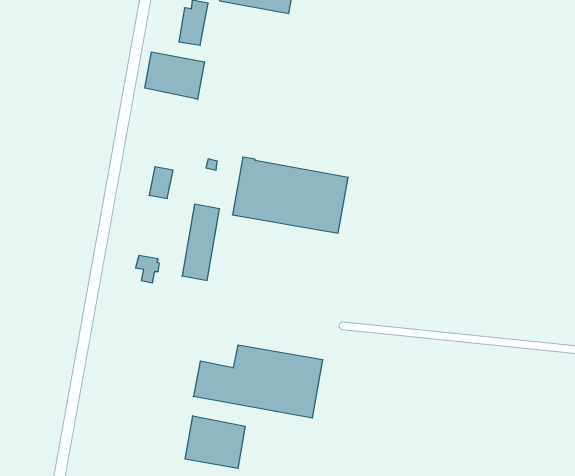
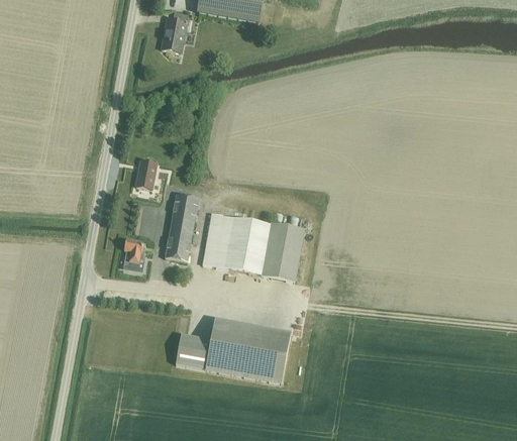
building: [145,52,205,99] -> none
building: [232,157,348,233] -> [202,212,305,280]
building: [185,416,245,468] -> none

